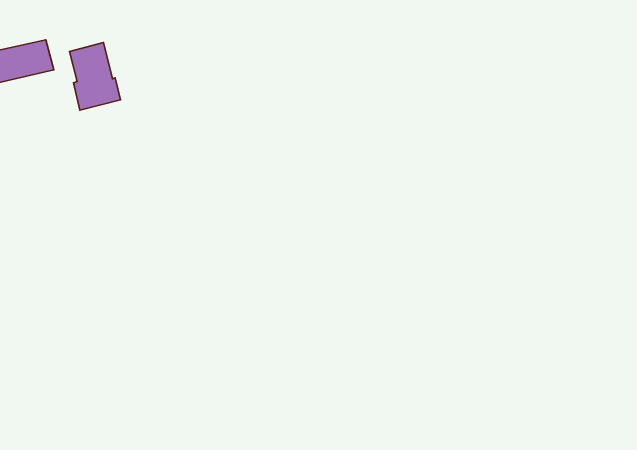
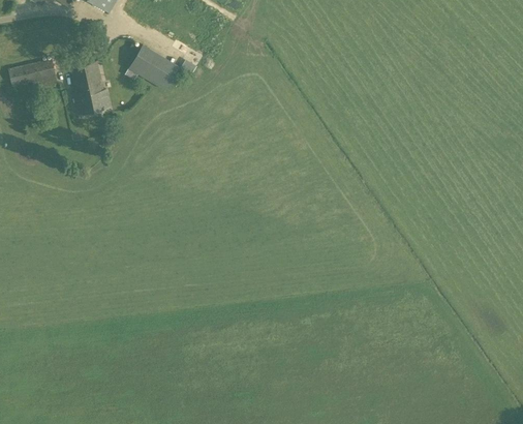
building: none -> [126,43,183,91]

